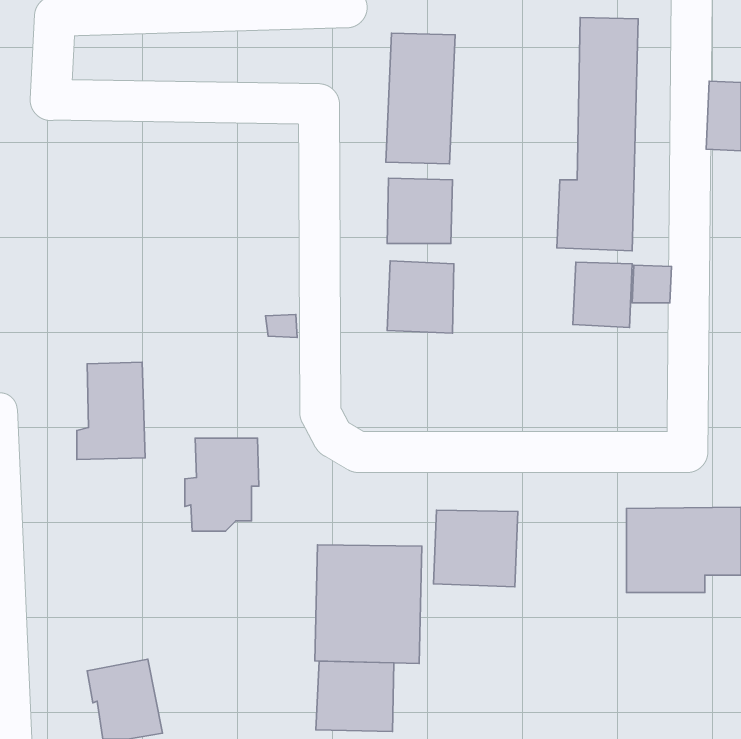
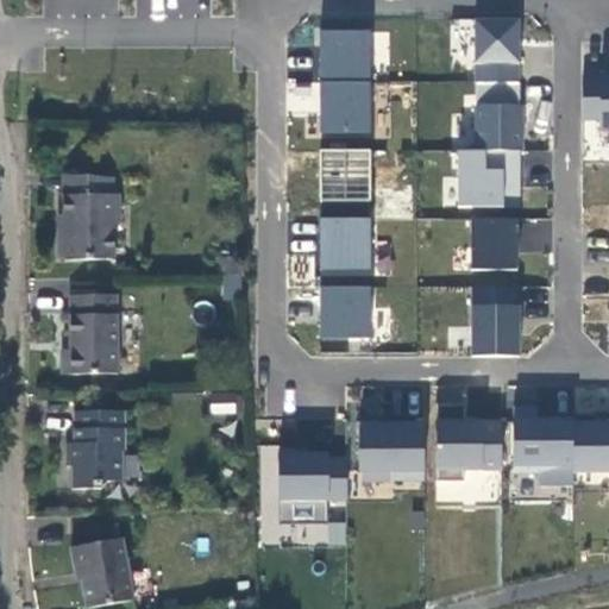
building: none -> [57,177,120,260]
building: none -> [319,282,375,338]
building: none -> [469,300,522,354]
building: [185,438,259,531] -> [65,413,126,489]
building: none -> [434,416,502,503]
building: [316,661,394,732] -> none

